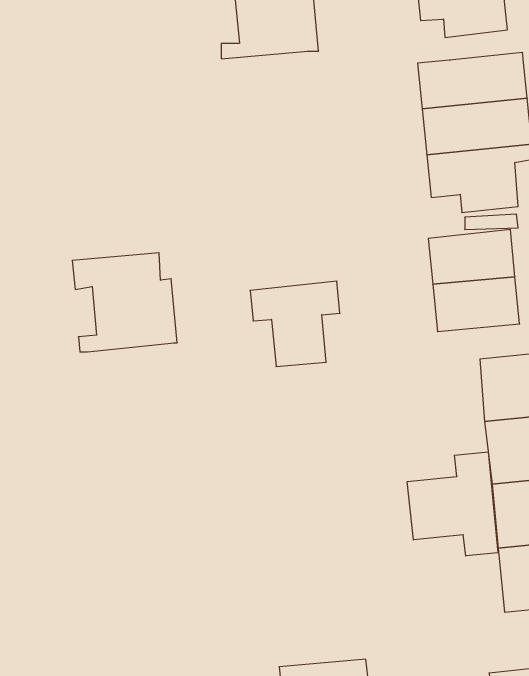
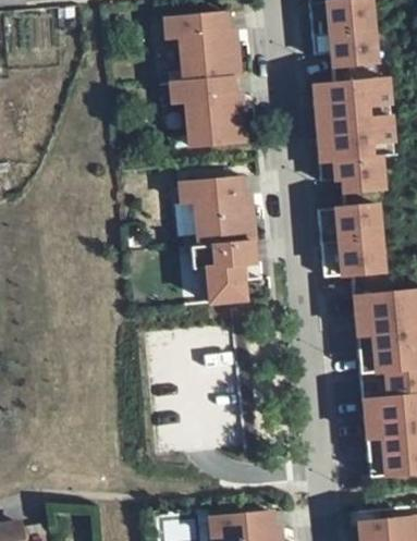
building: none -> [170,76,245,147]
building: [72,253,177,352] -> [180,176,255,247]
building: [407,452,498,556] -> none

